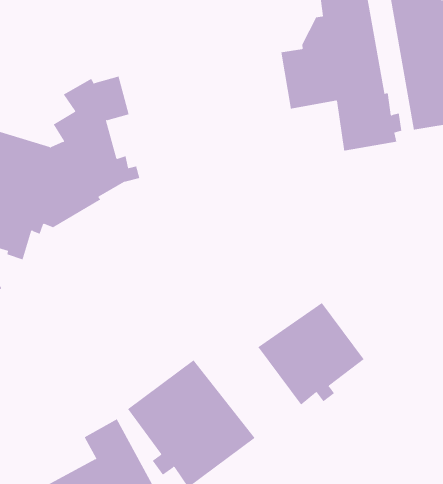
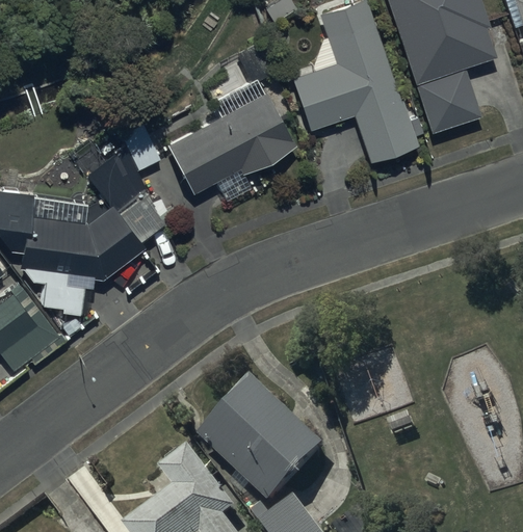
building: none -> [167,39,295,198]
building: [258,302,365,405] -> none

